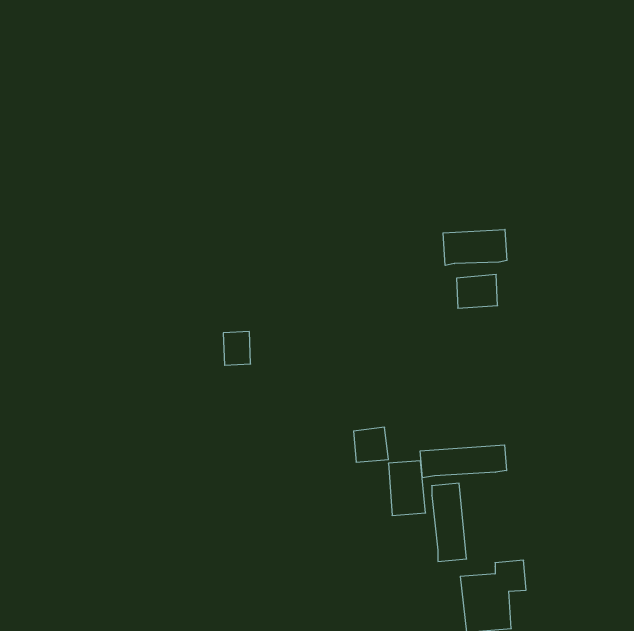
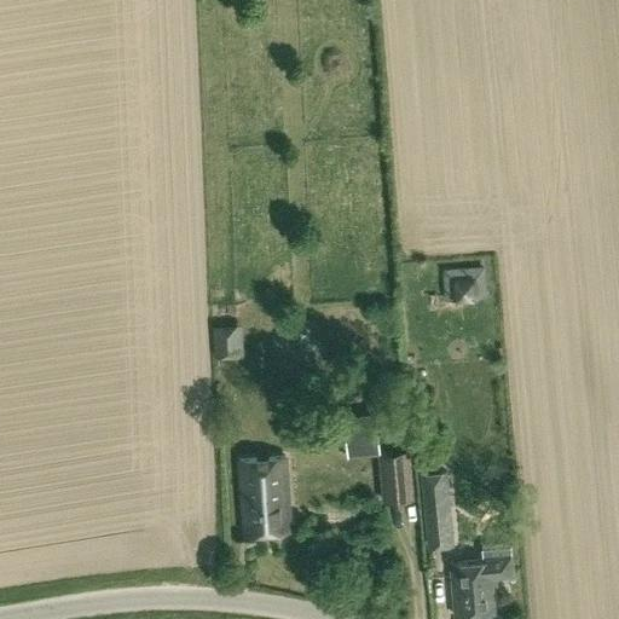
building: [443,229,507,265] -> none
building: [420,445,507,478] -> none
building: none -> [239,459,290,536]

